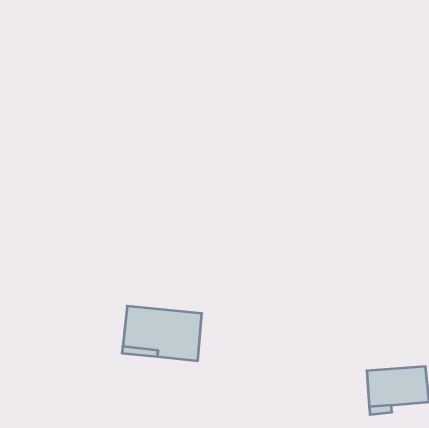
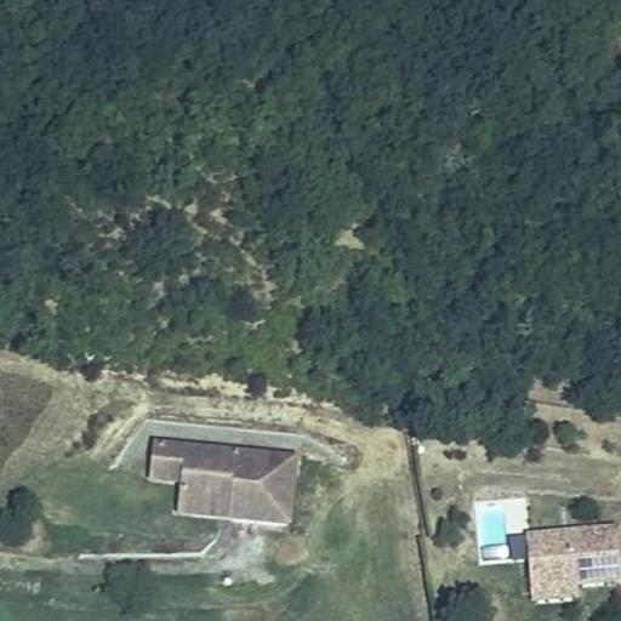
building: none -> [149,438,184,478]

